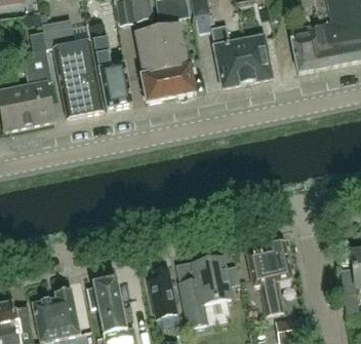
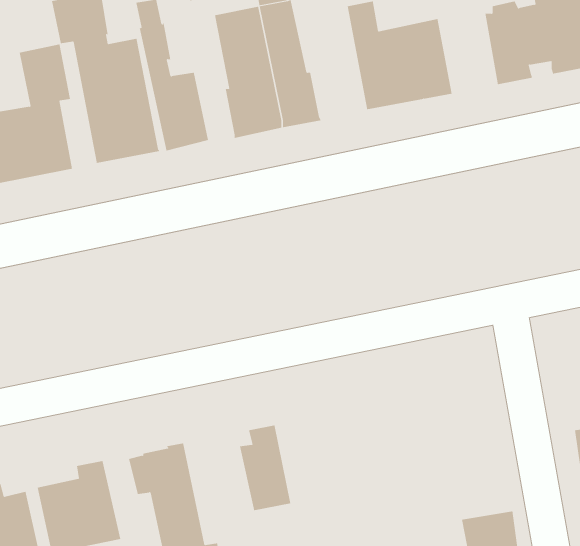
building: [248,241,293,314] -> none
building: [180,256,231,324] -> none

